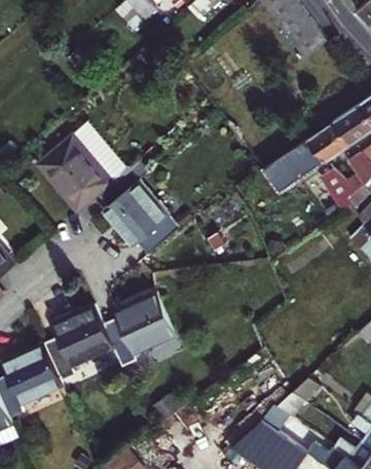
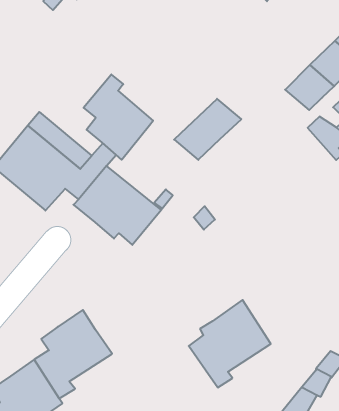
building: none -> [84,74,153,160]
building: [262,140,325,191] -> [174,99,241,160]
building: [103,291,176,365] -> [189,300,271,387]

